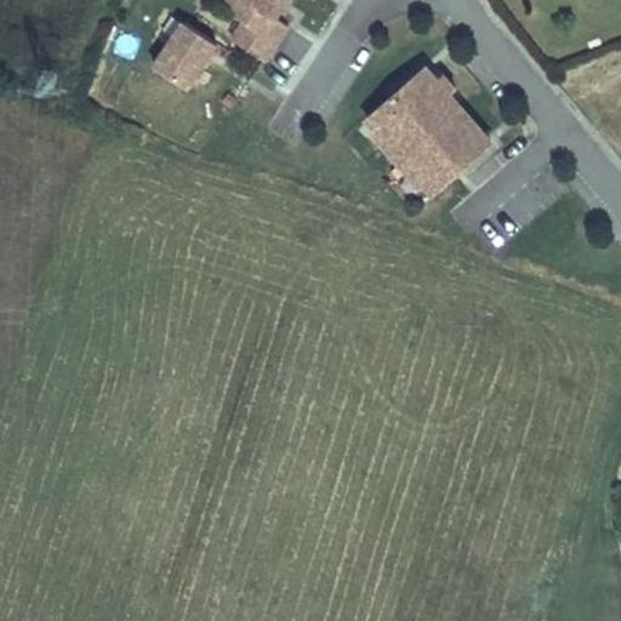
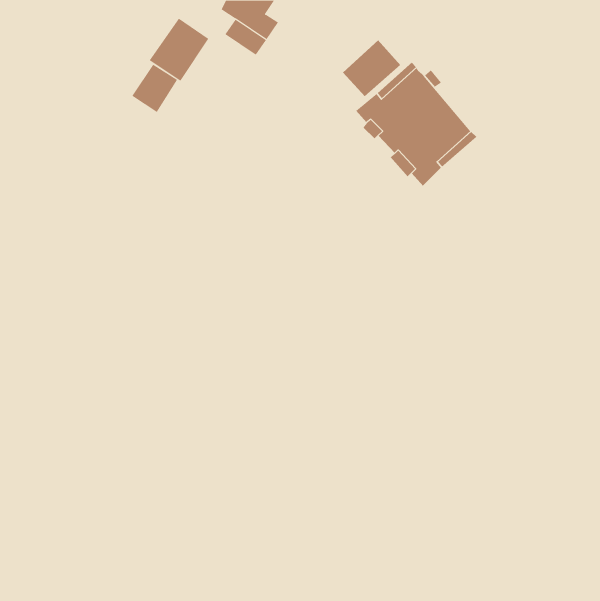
building: none -> [342,39,401,97]
building: none -> [132,64,178,113]

